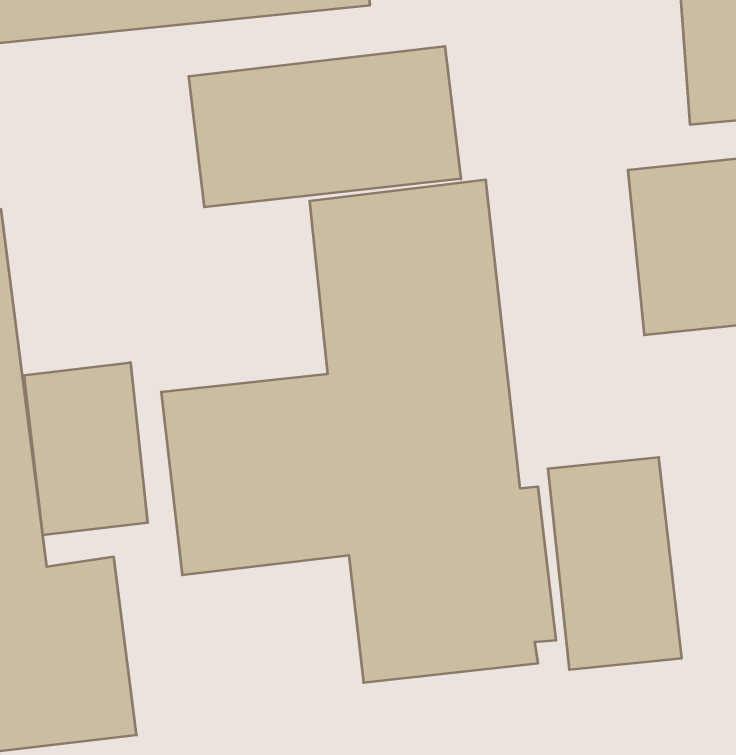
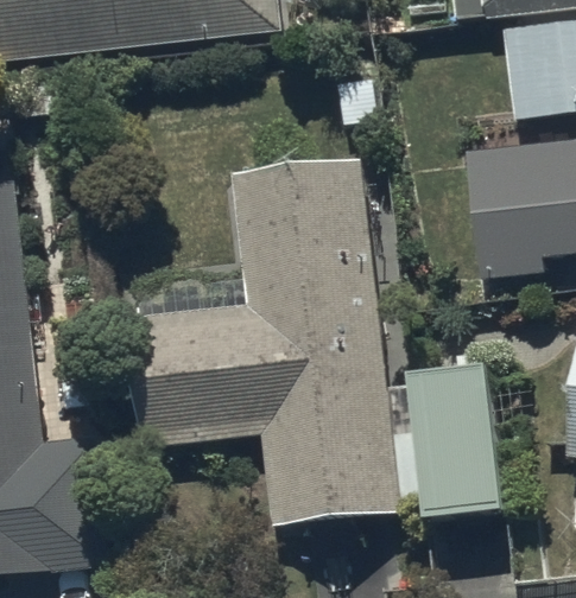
building: [189,46,461,207] -> none
building: [24,362,148,535] -> none

